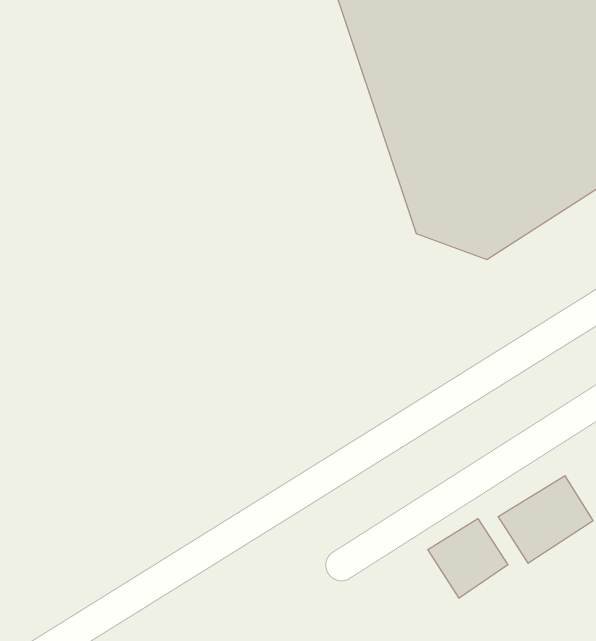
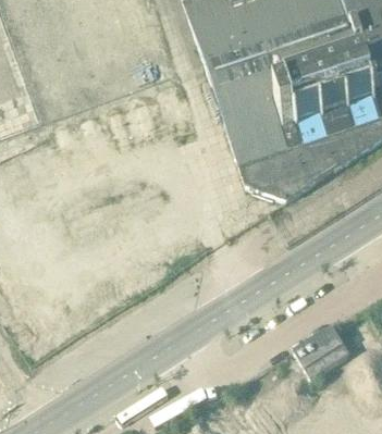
building: [428,519,508,598] -> none

